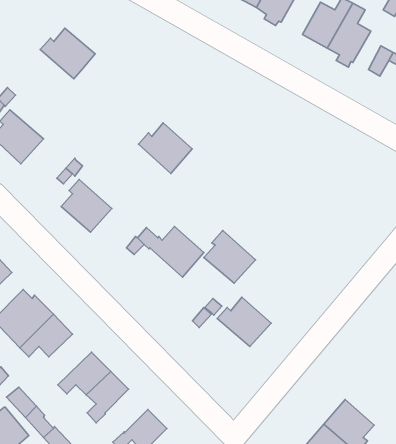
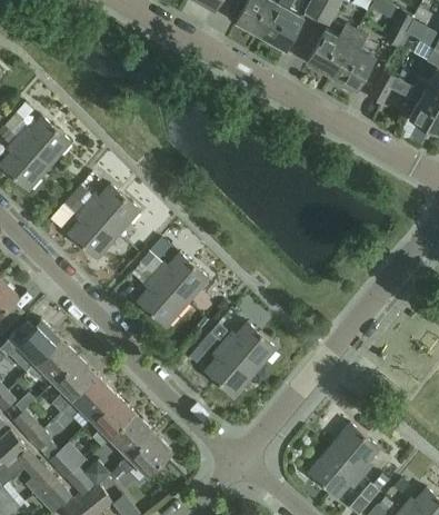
building: [40,28,95,79] -> [17,116,71,166]
building: [138,123,192,173] -> [86,185,139,235]
building: [204,231,255,283] -> [137,274,188,326]
building: none -> [204,344,255,396]
building: none -> [52,359,98,413]
building: none -> [111,414,153,457]

